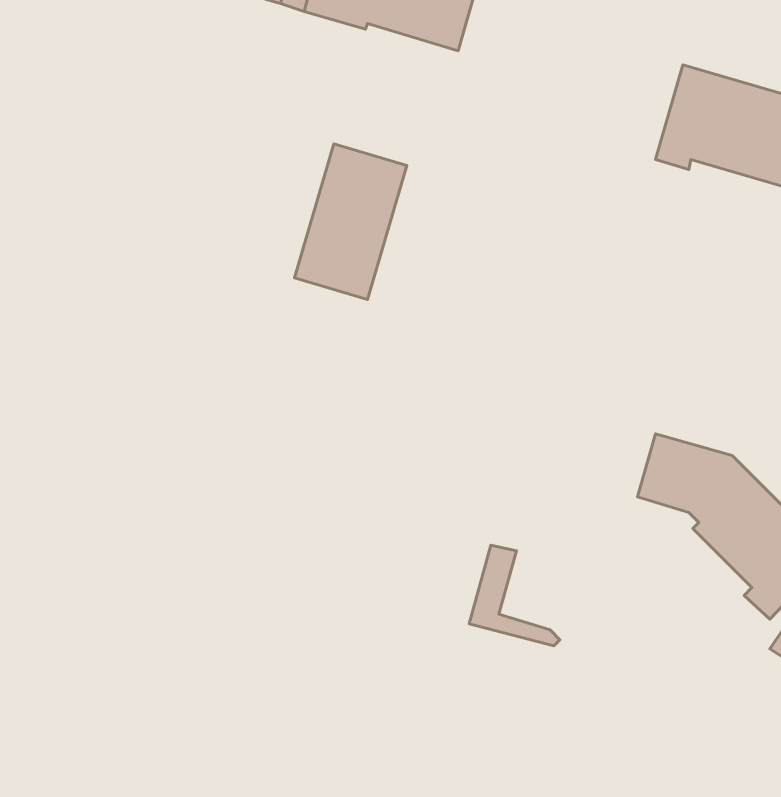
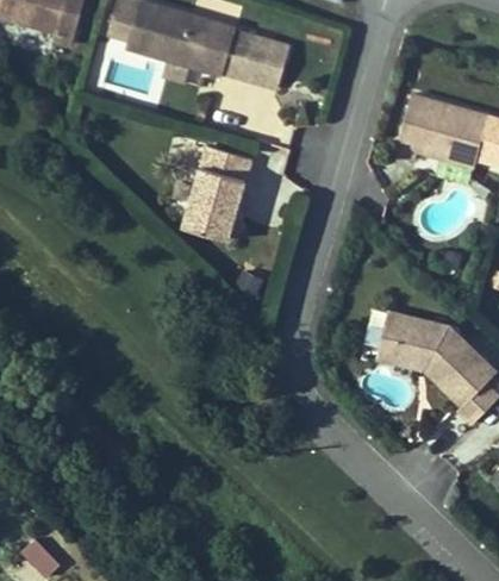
building: [469,545,560,646] -> [372,314,426,375]

